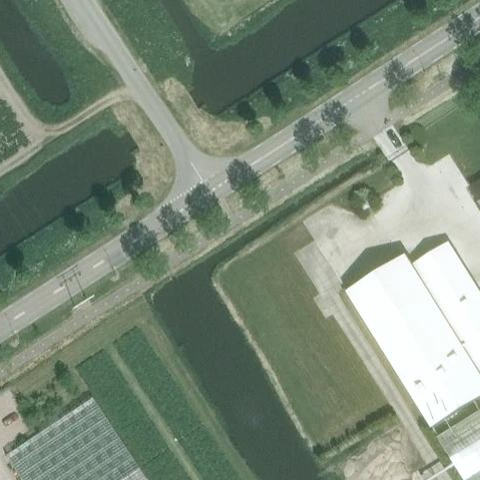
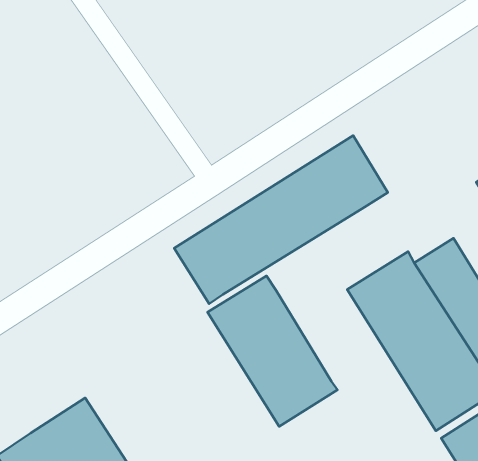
building: none -> [174,136,388,304]
building: none -> [207,276,338,427]

